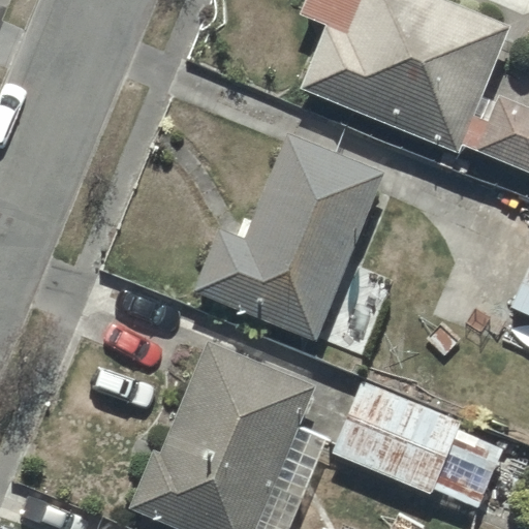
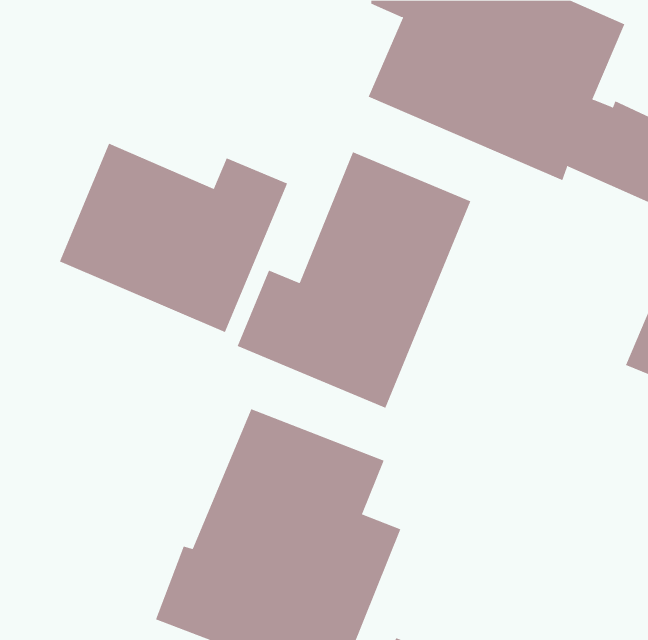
building: none -> [59,143,288,333]
building: [334,381,504,509] -> none

